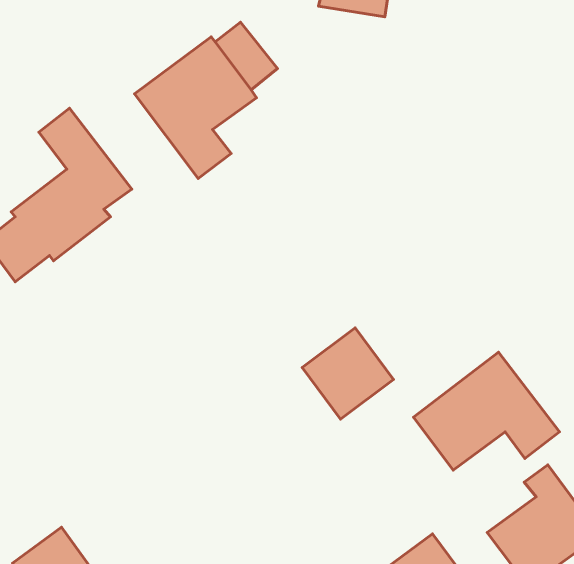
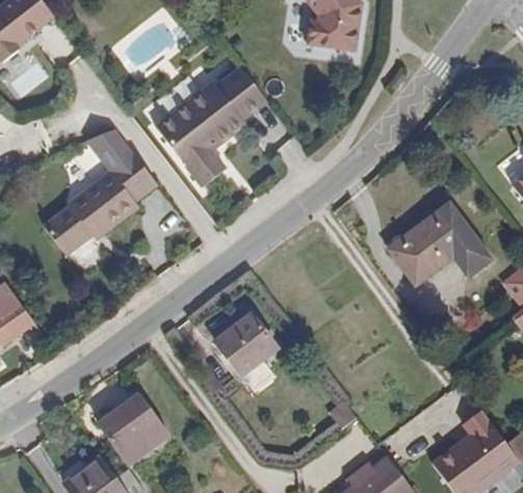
building: [302,328,393,419] -> [208,310,280,382]
building: [414,352,559,470] -> [380,200,494,292]
building: none -> [94,392,169,469]

